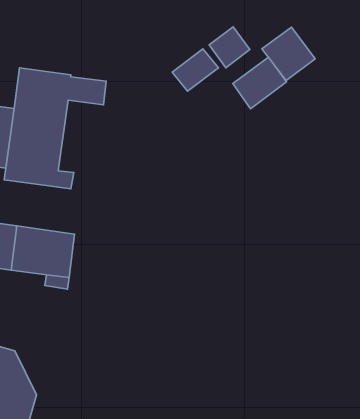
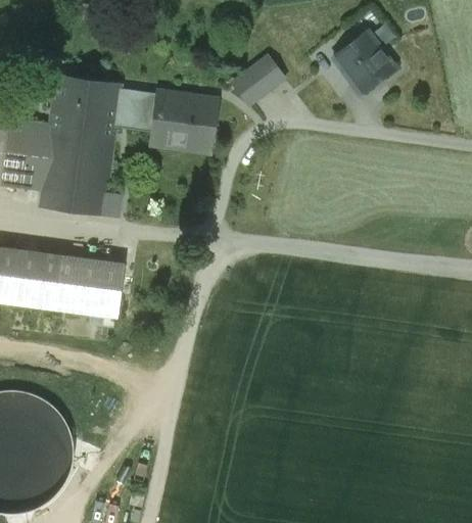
building: [209,27,250,68] -> none
building: [233,57,287,109] -> none
building: none -> [150,91,217,152]

